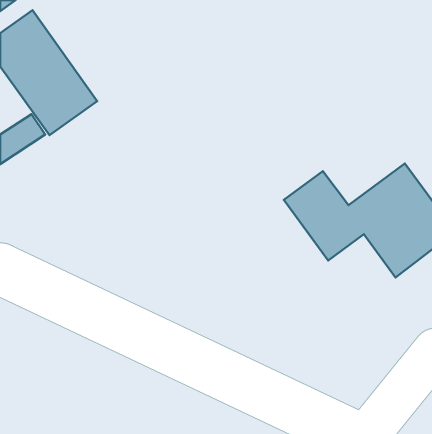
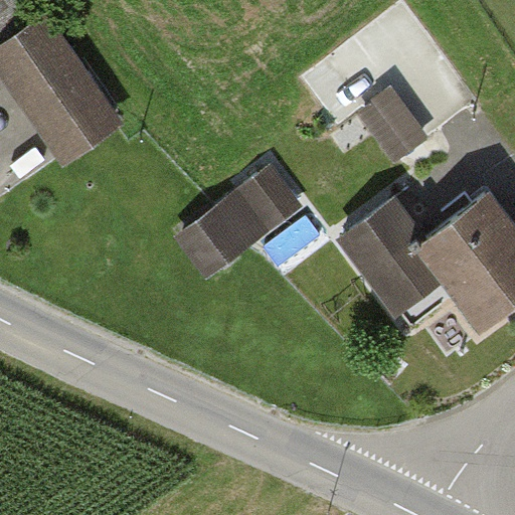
building: none -> [360,82,442,164]
building: none -> [176,167,303,279]

